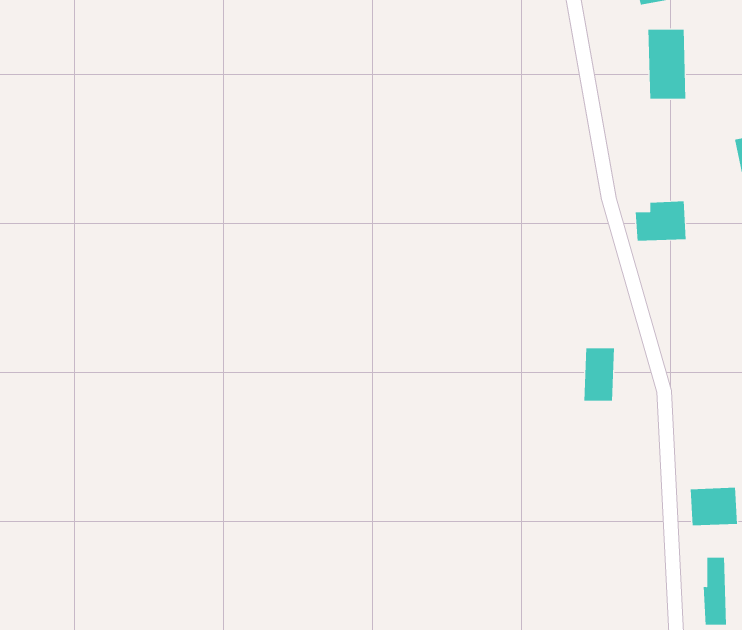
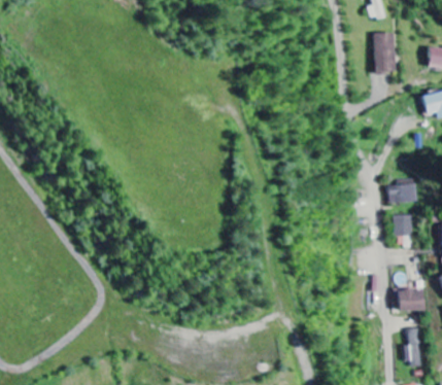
building: [635,201,686,241] -> [387,179,416,202]
building: [584,348,615,401] -> [395,215,412,245]

